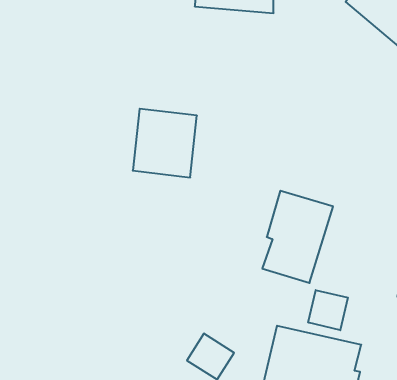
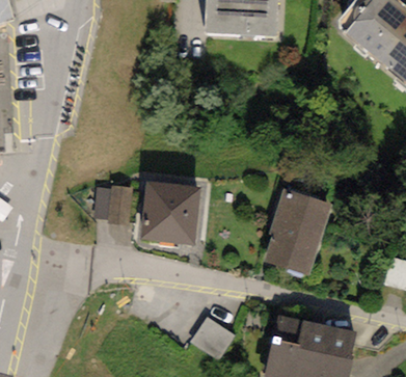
building: [133,109,197,177] -> [140,181,199,244]
building: none -> [97,189,133,226]
building: [308,290,348,330] -> none

